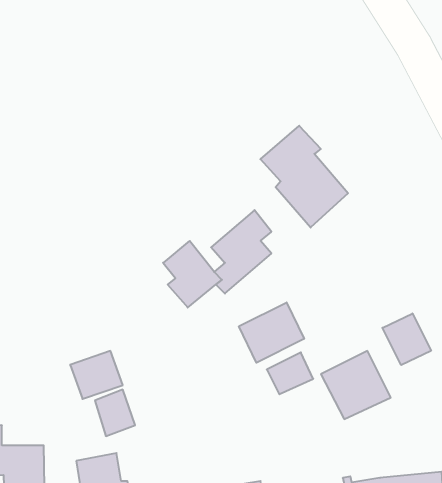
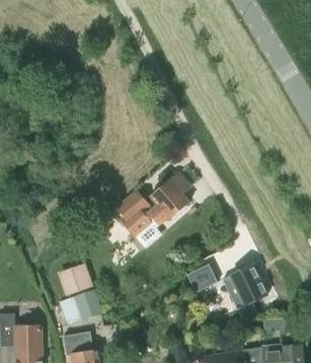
building: [260,126,348,228] -> none
building: [239,302,304,363] -> none
building: [382,313,431,365] -> none

